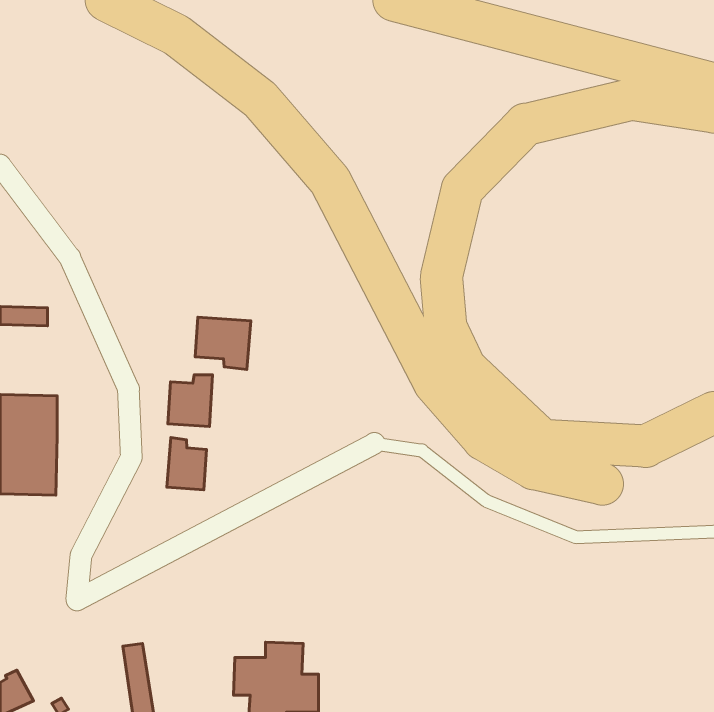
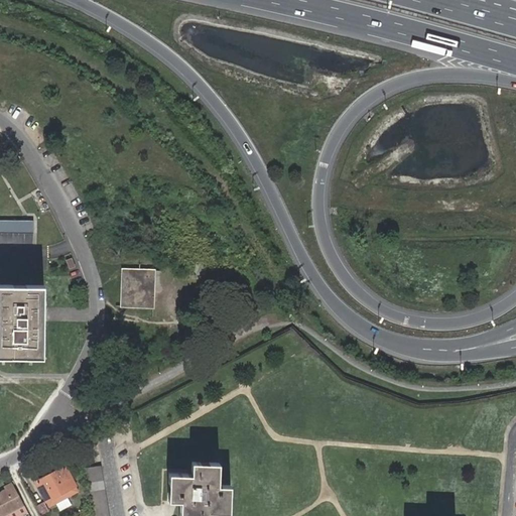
building: [195,317,251,370] -> none
building: [167,438,207,490] -> none
building: none -> [35,469,77,509]

